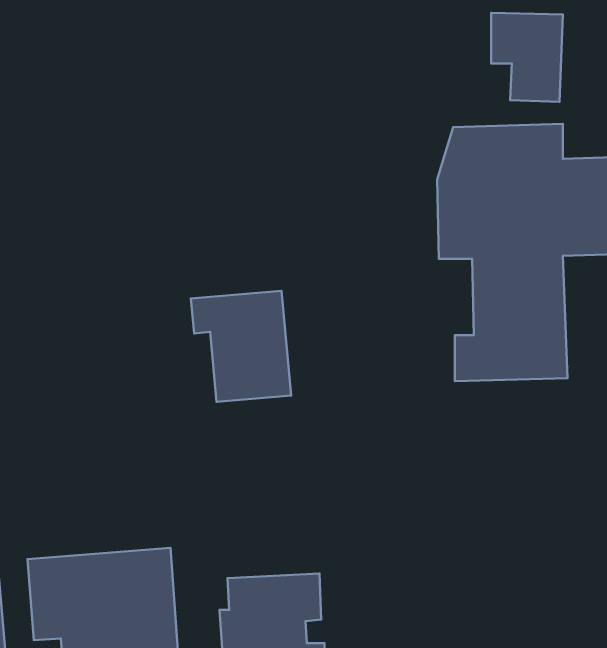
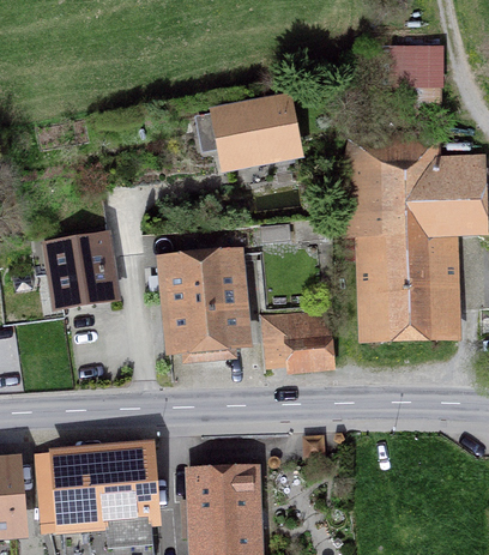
building: none -> [200,103,298,168]
building: none -> [31,227,116,302]
building: none -> [264,314,326,366]

